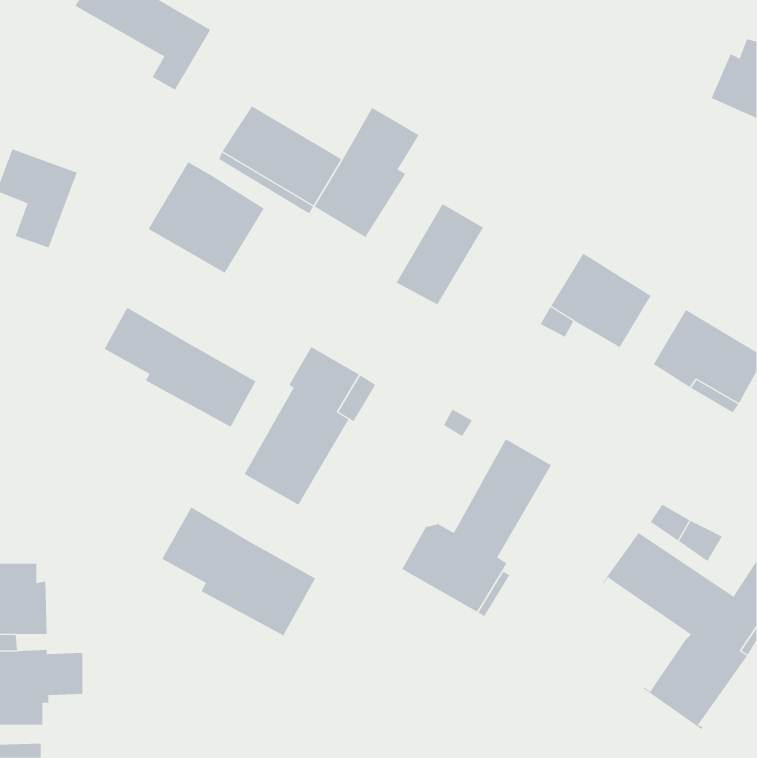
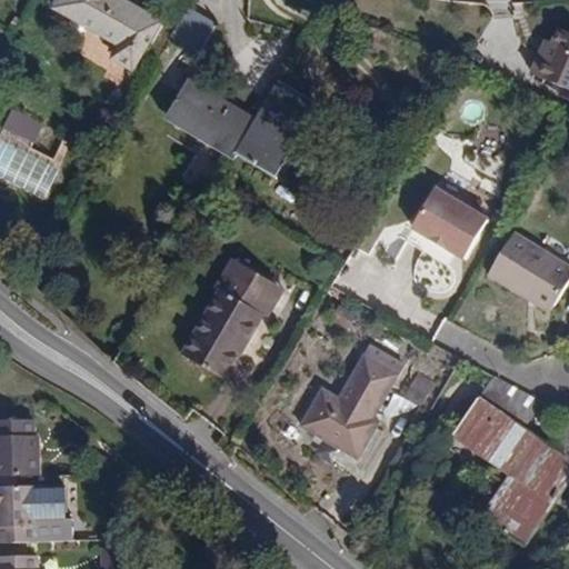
building: [148,161,265,273] -> none
building: [396,203,484,305] -> none
building: [104,307,256,428] -> none
building: [162,507,316,636] -> none

